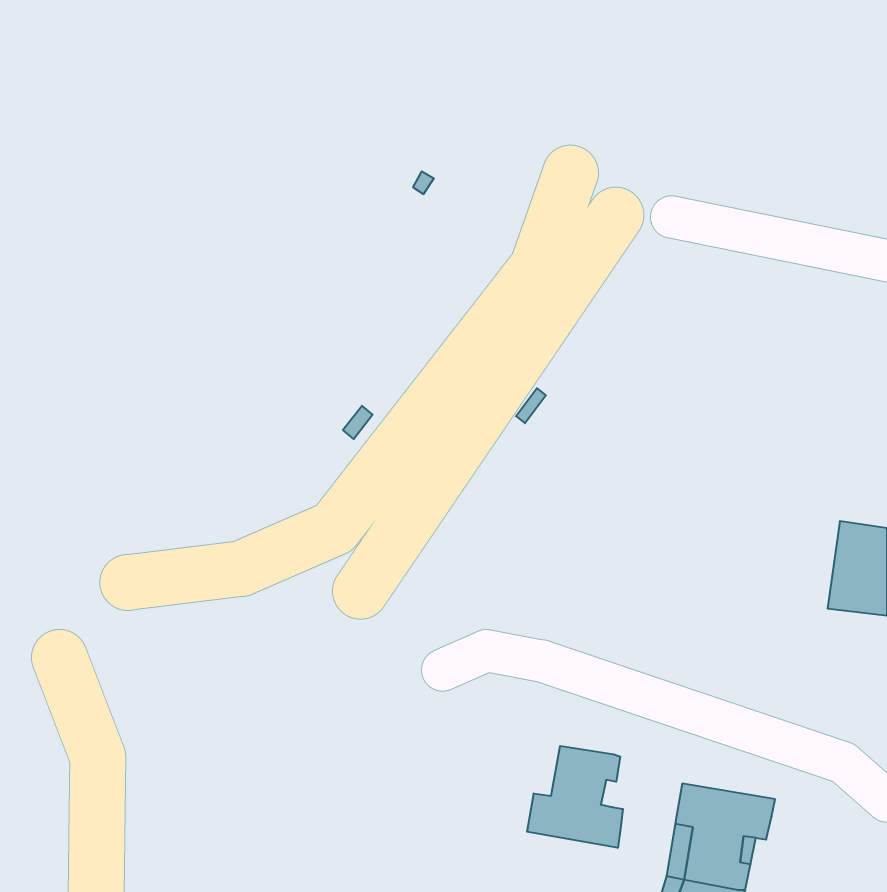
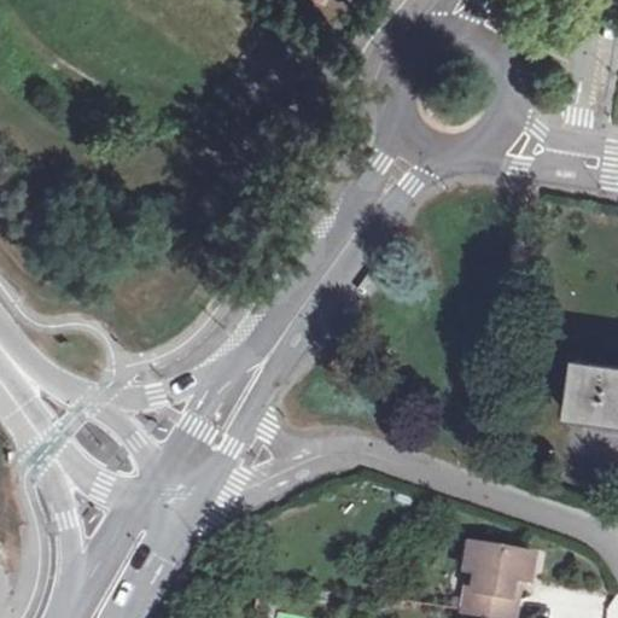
building: [527,746,623,848] -> none

